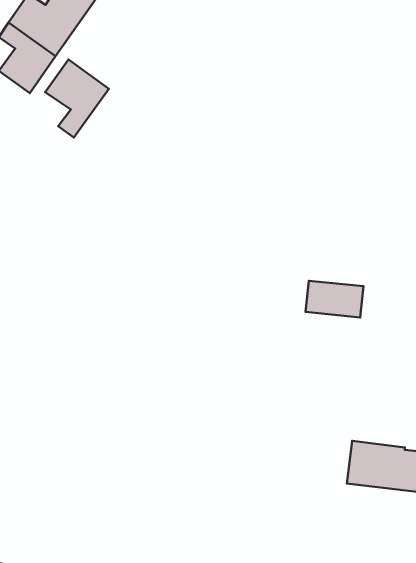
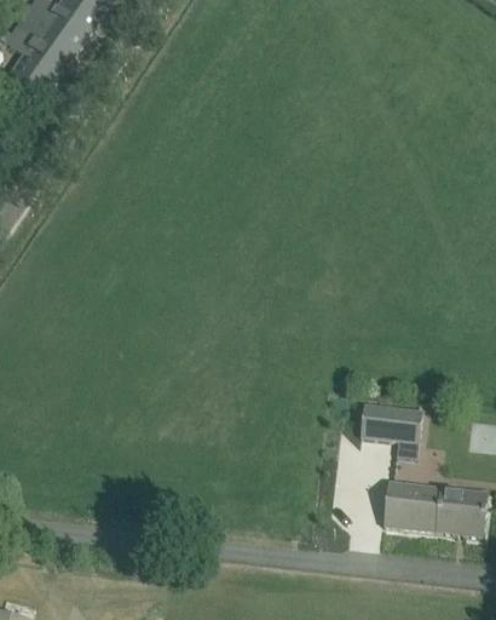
building: [45,59,109,138] -> none
building: [305,281,364,318] -> [359,403,422,443]

